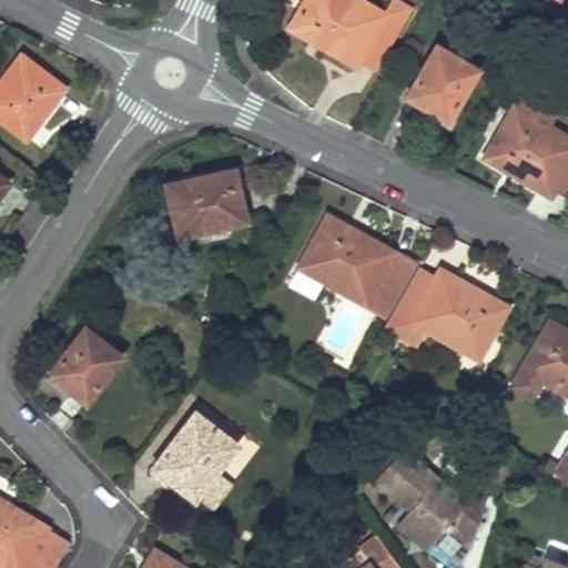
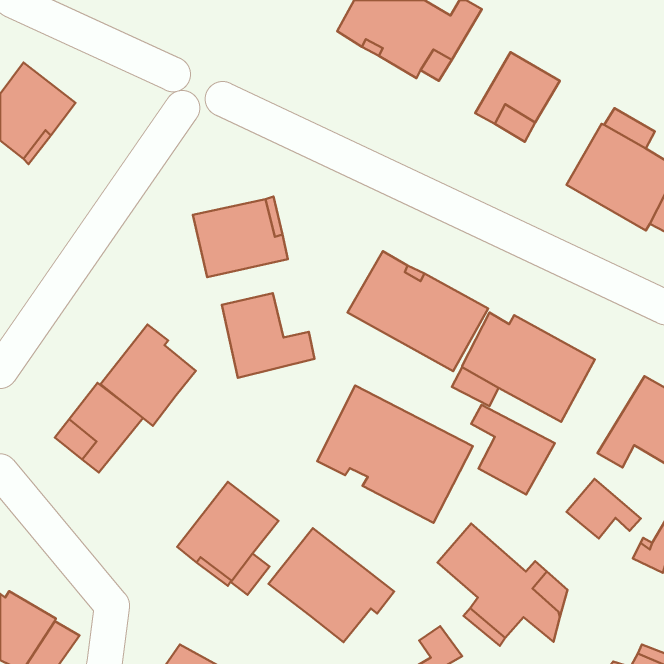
building: none -> [222,293,315,378]
building: none -> [101,325,196,426]
building: none -> [317,385,473,523]
building: none -> [471,405,555,495]
building: none -> [567,479,641,539]
building: none -> [269,528,394,642]

